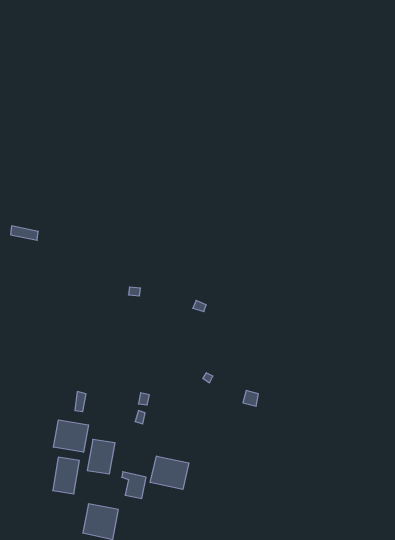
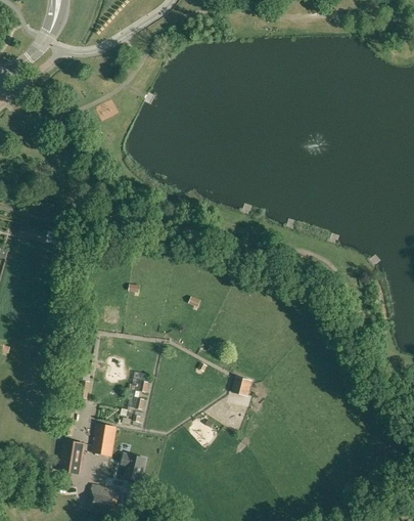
building: [53,420,89,452] -> none
building: [150,456,189,489] -> none

